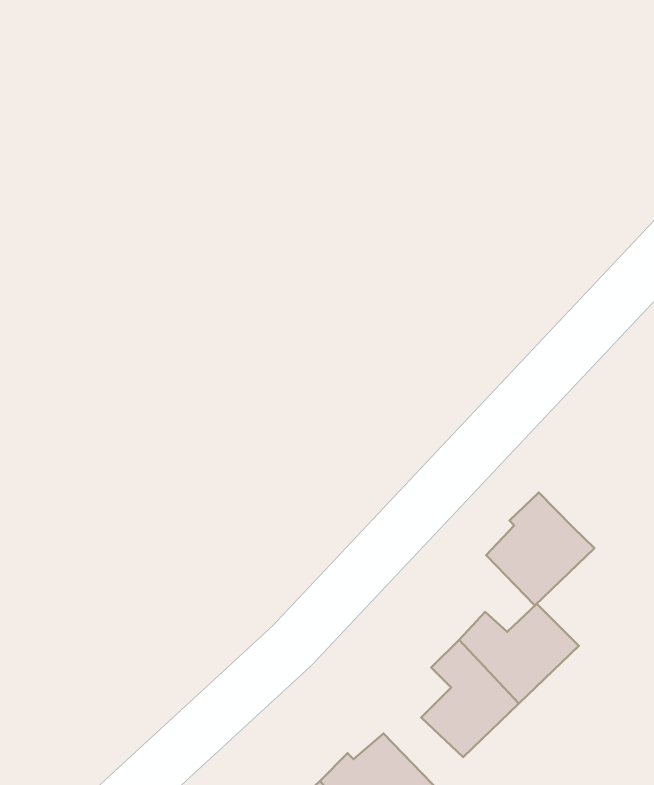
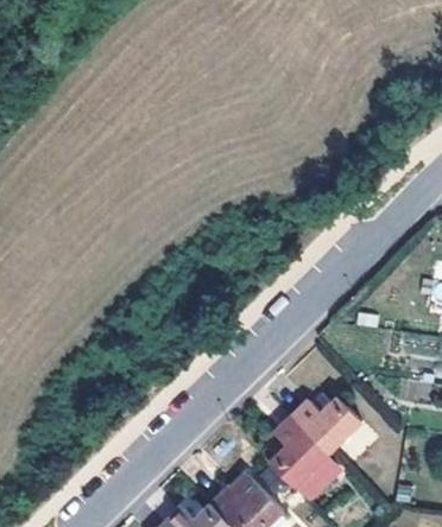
building: [486,493,594,606] -> none

